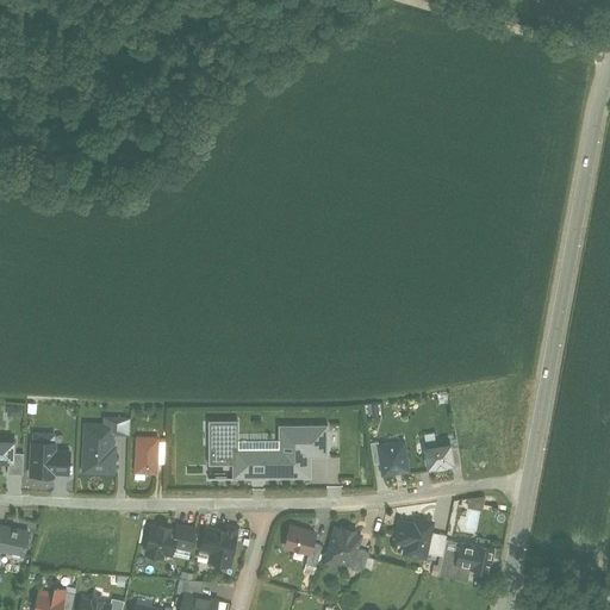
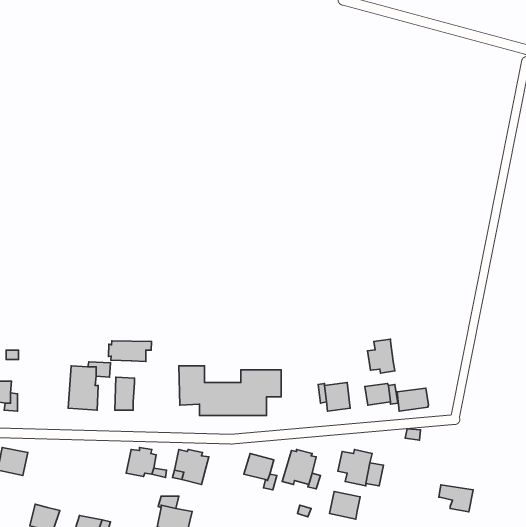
building: none -> [368,339,395,373]
building: none -> [108,341,151,361]
building: [29,442,68,478] -> none
building: none -> [397,388,428,411]
building: [453,544,492,575] -> [439,485,473,512]
building: none -> [330,491,360,519]

